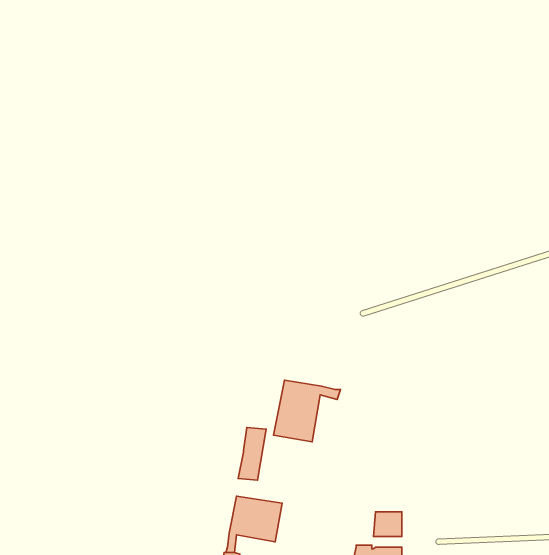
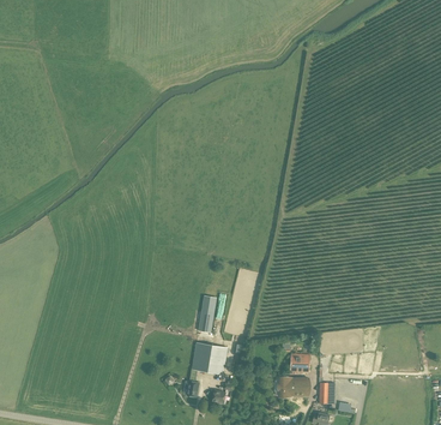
building: [274,380,341,442] -> none

